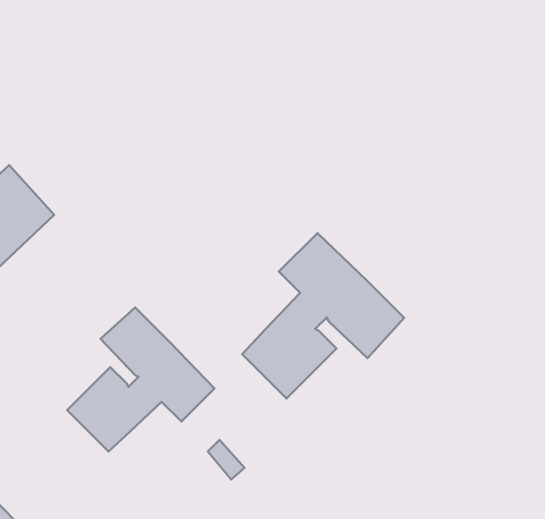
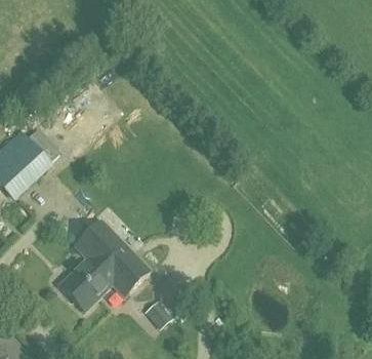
building: [242,233,404,398] -> none

